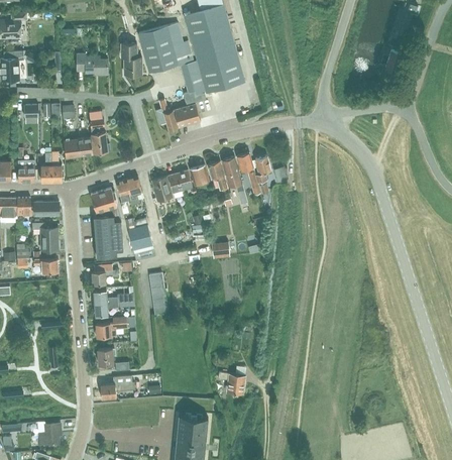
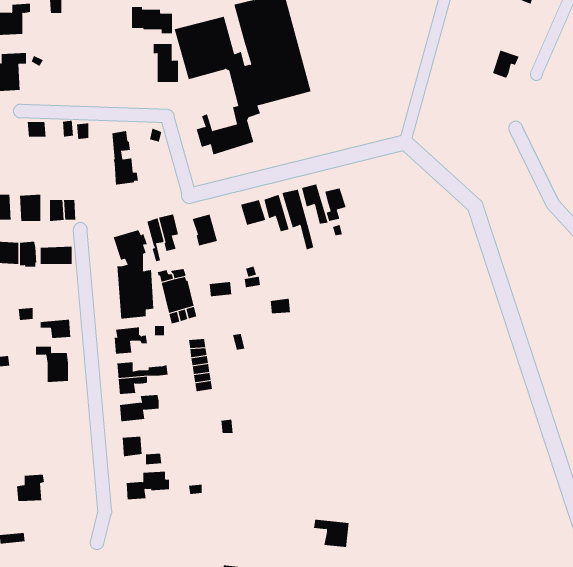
building: [76,54,108,76] -> [131,7,173,34]
building: [63,137,92,158] -> none
building: [167,170,192,198] -> none
building: [31,223,58,251] -> [35,346,69,382]
building: [217,372,245,394] -> [313,519,349,548]
building: [176,416,207,446] -> none
building: [38,424,61,445] -> [16,474,45,502]

